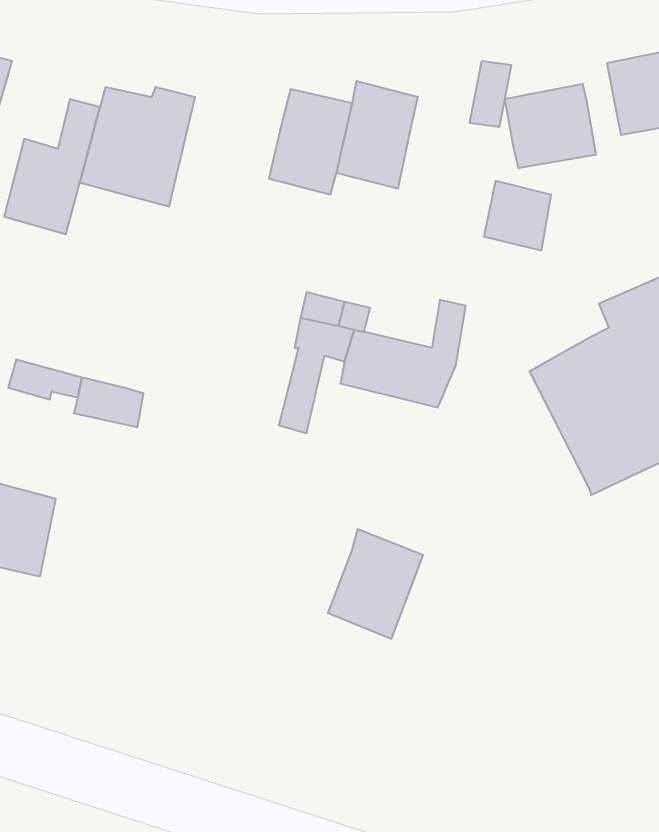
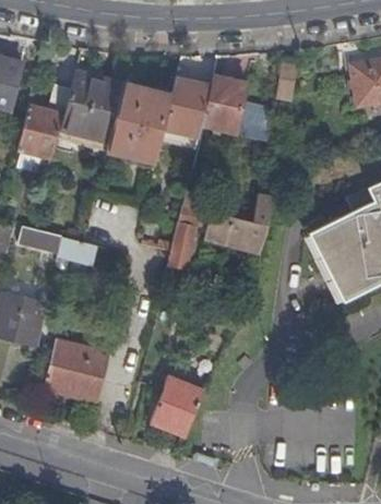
building: [505,84,596,168] -> none
building: none -> [107,84,171,165]
building: [484,181,551,250] -> [235,104,272,142]
building: [328,529,423,639] -> [151,377,203,437]
building: none -> [44,339,109,405]

